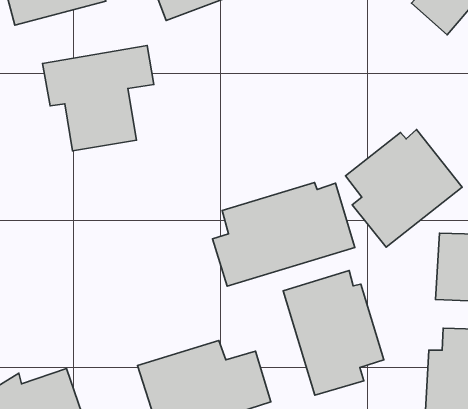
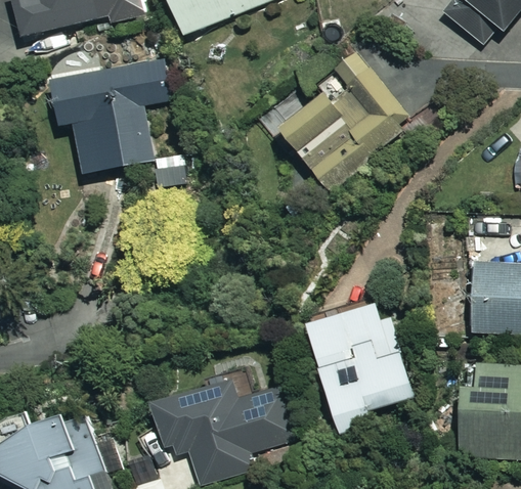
building: none -> [254,49,413,185]
building: [346,129,462,247] -> none
building: [212,182,355,286] -> none

